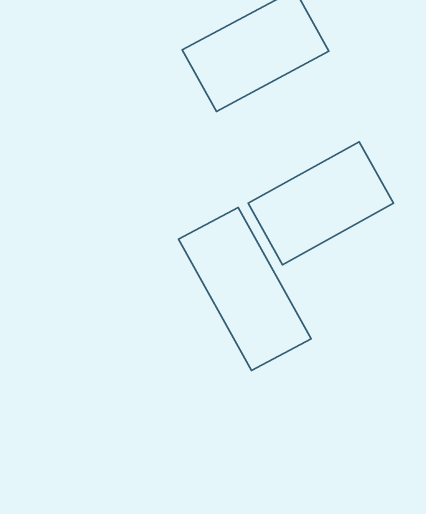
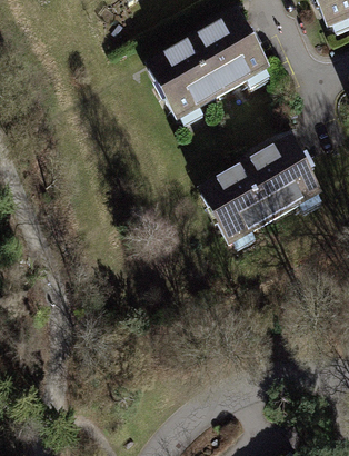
building: [179,207,311,370] -> none

